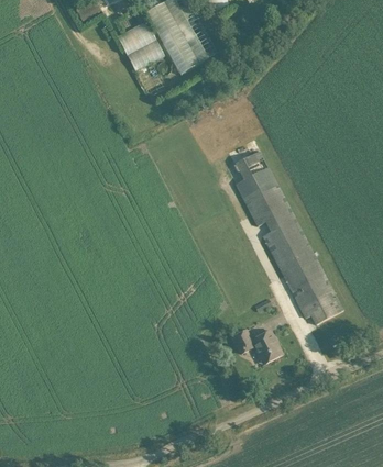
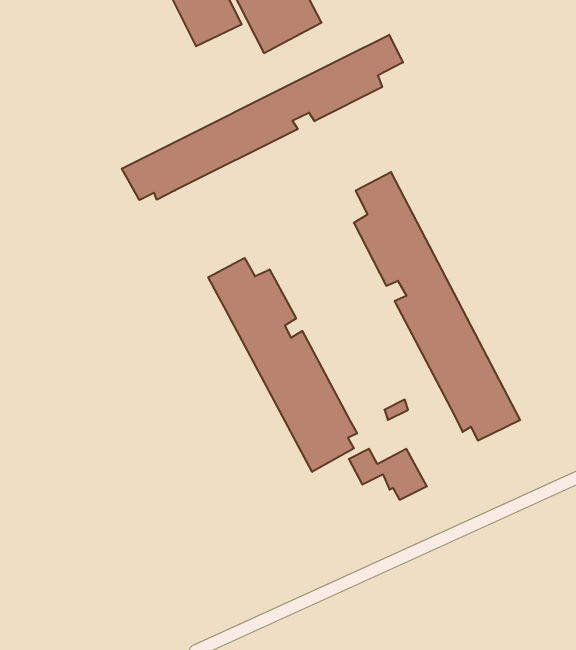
building: none -> [122,35,403,200]
building: none -> [208,258,357,472]

